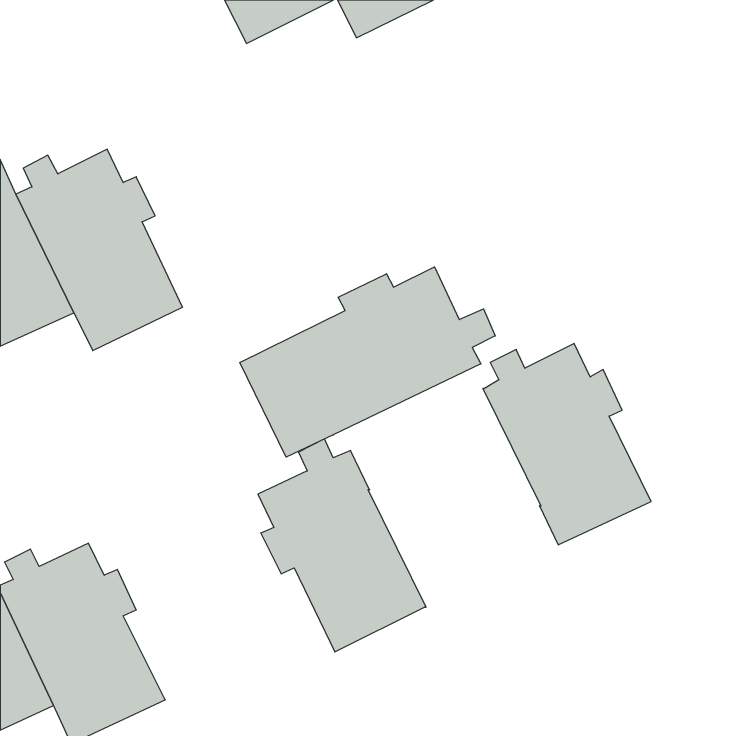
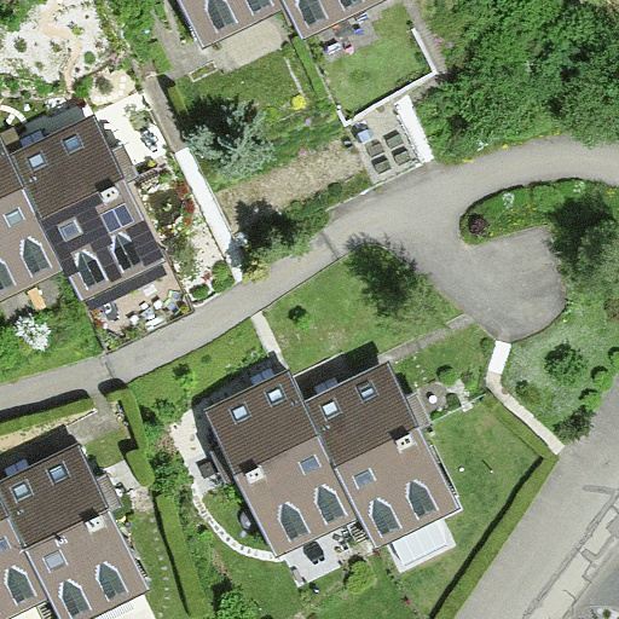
building: [240,267,495,457] -> none
building: [483,344,651,545] -> [308,375,449,543]

